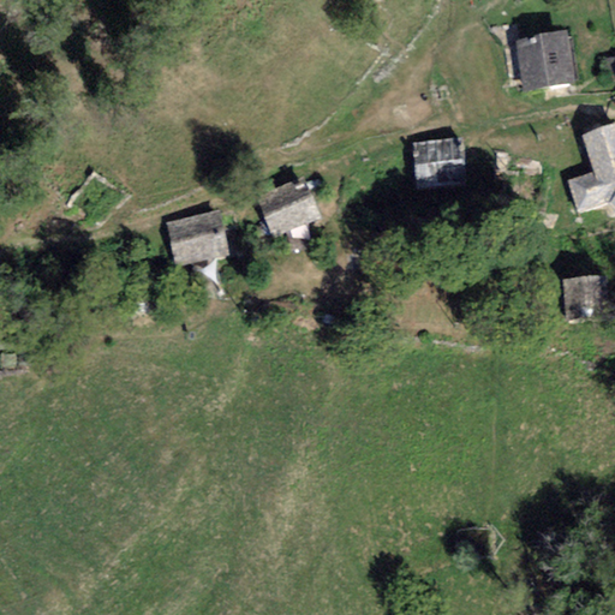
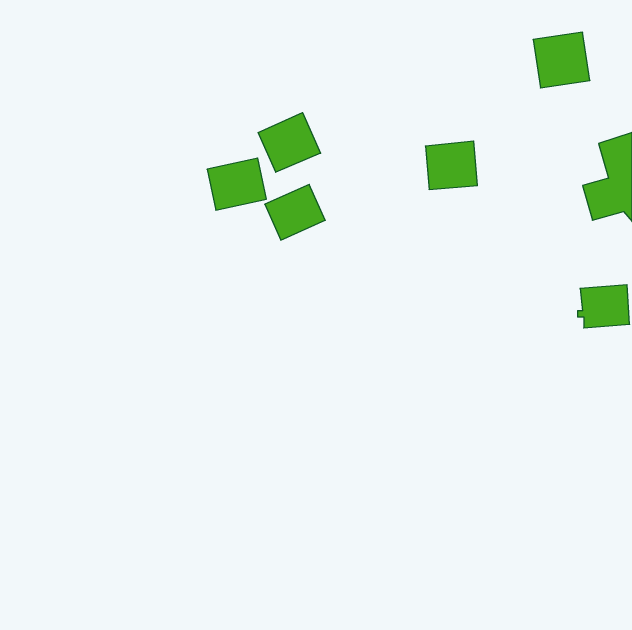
building: none -> [258,113,321,172]
building: [168,211,226,262] -> [207,158,266,210]

